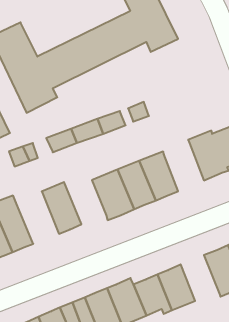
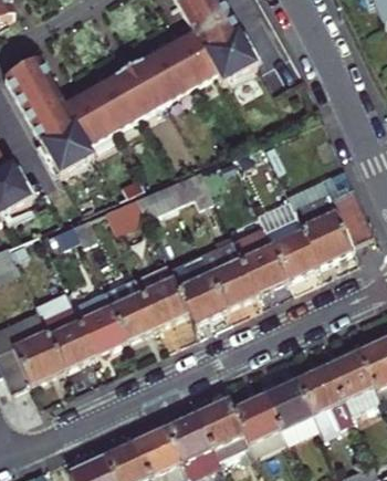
building: none -> [252,210,308,276]
building: none -> [118,257,178,328]
building: none -> [54,286,115,358]
building: none -> [283,362,339,431]

